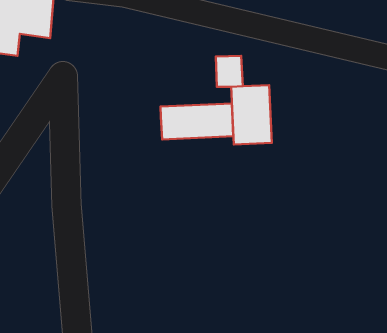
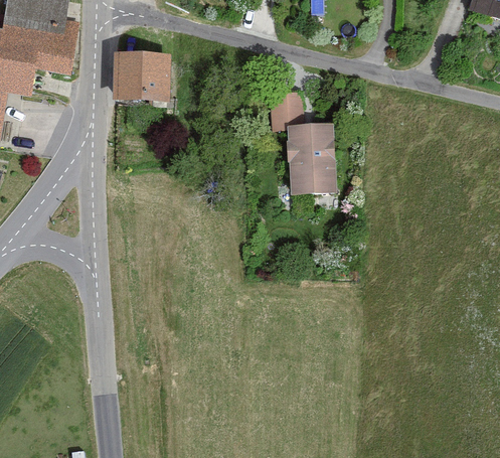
building: none -> [114,54,170,103]
building: [161,103,233,139] -> none

